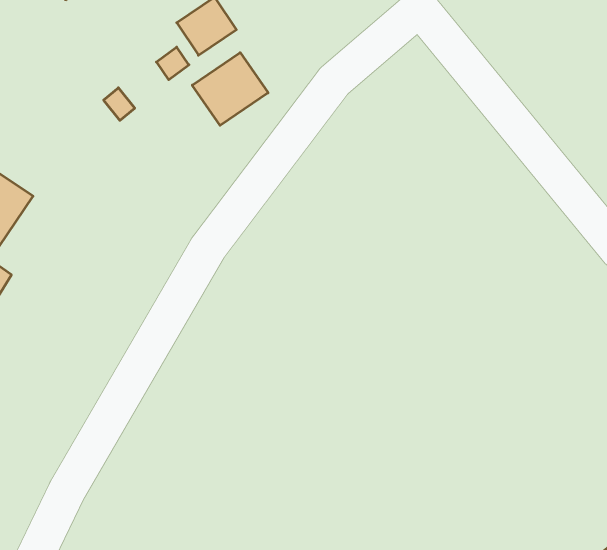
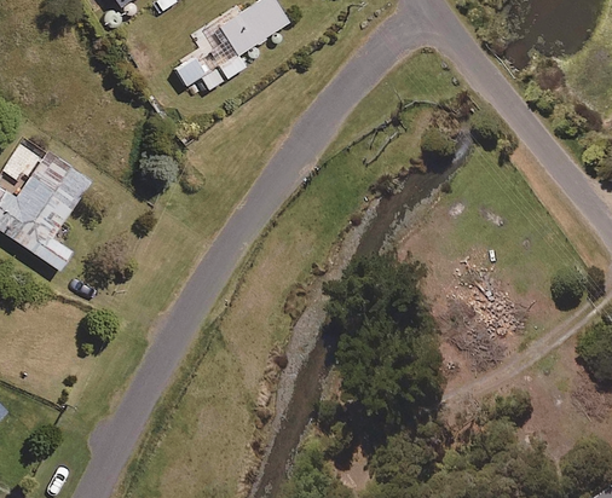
building: [192,53,268,125] -> none

